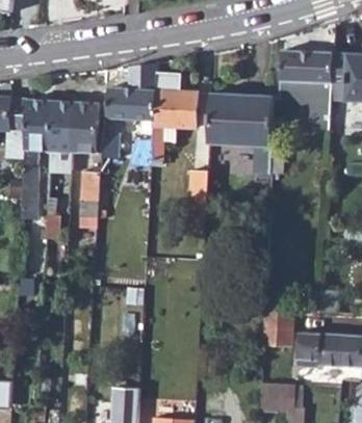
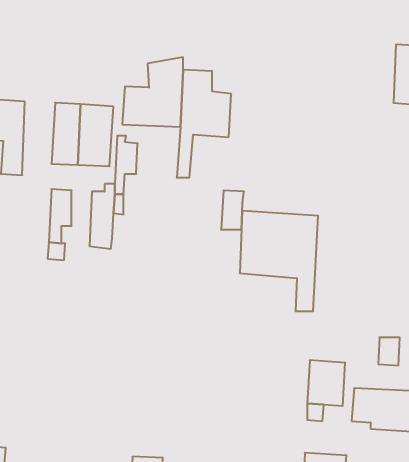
building: [280,49,332,110] -> none
building: [208,91,273,174] -> [240,211,318,311]
building: [22,98,52,219] -> none

